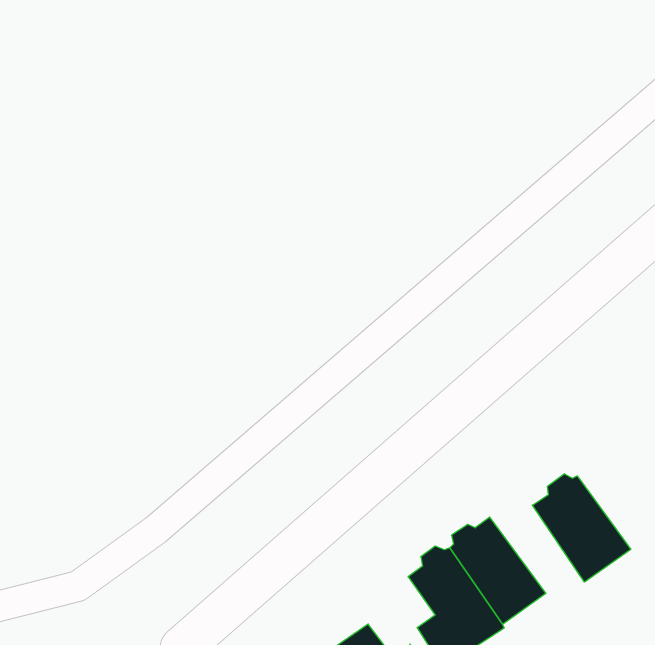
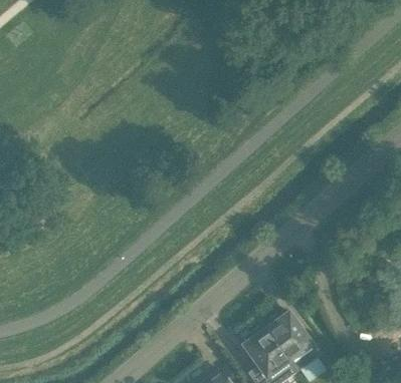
building: [532,474,631,582] -> none

